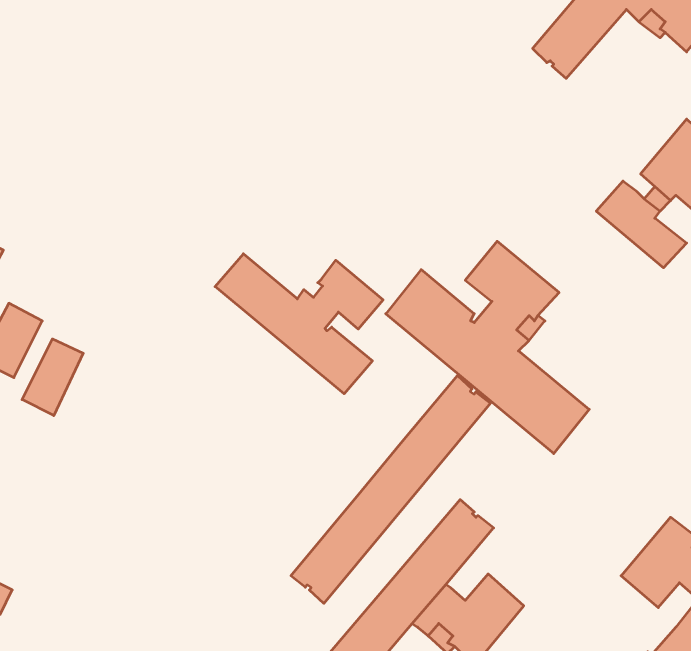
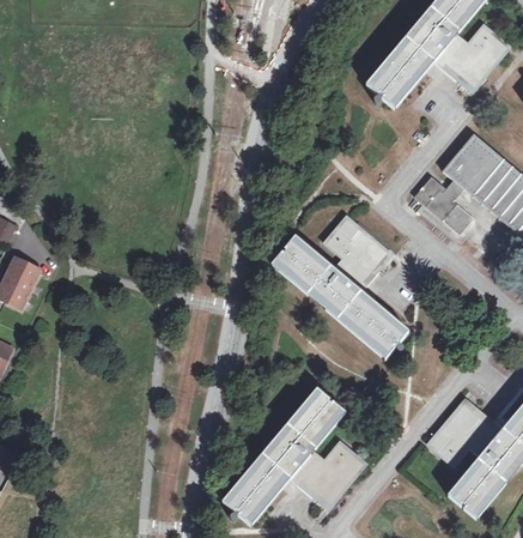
building: [215,254,383,394] -> none
building: [22,339,83,416] -> none
building: [291,376,490,603] -> none

